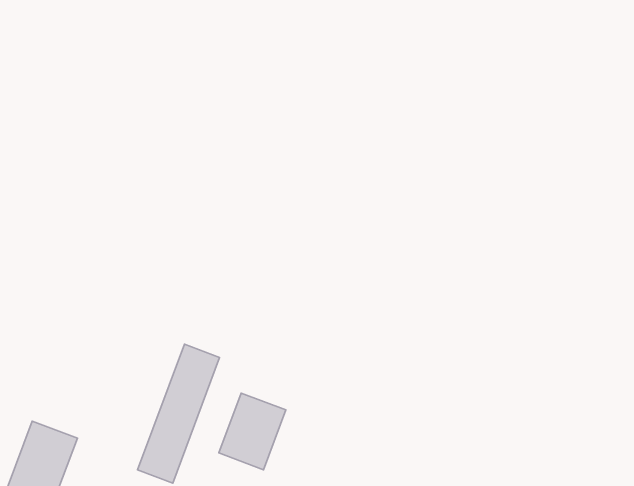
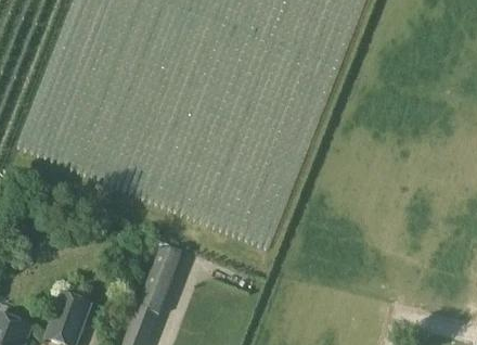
building: [219,393,286,470] -> none

